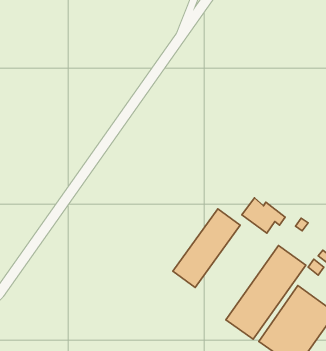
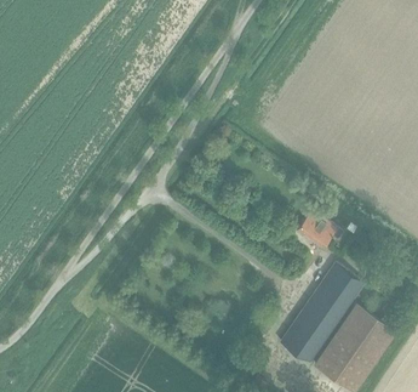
building: [173,209,240,287] -> none

